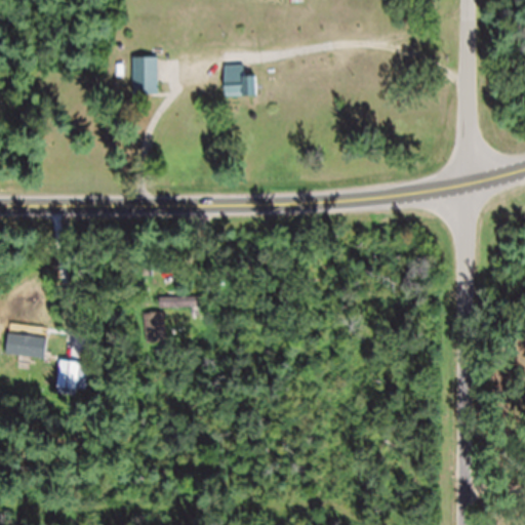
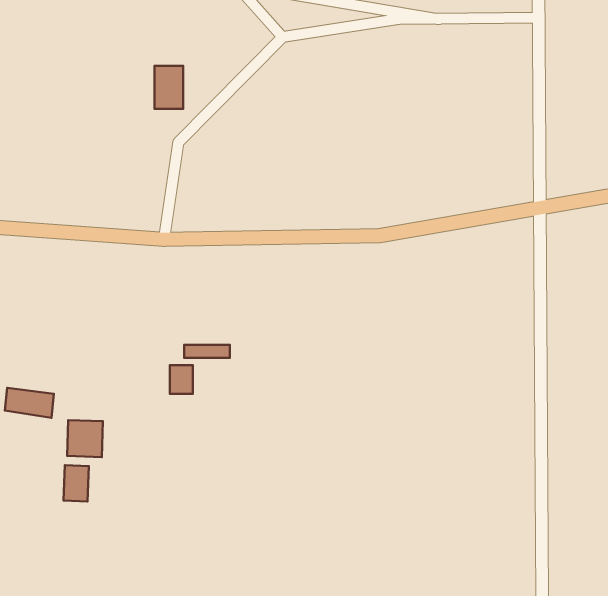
building: [223,64,253,96] -> none
building: none -> [64,465,89,501]

